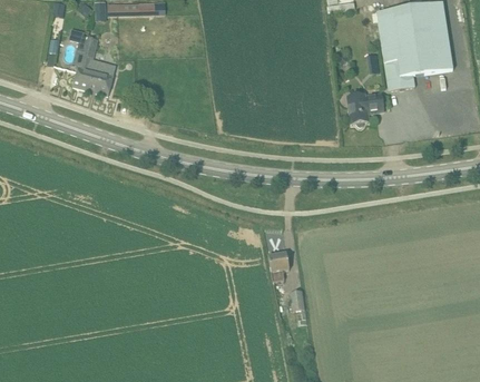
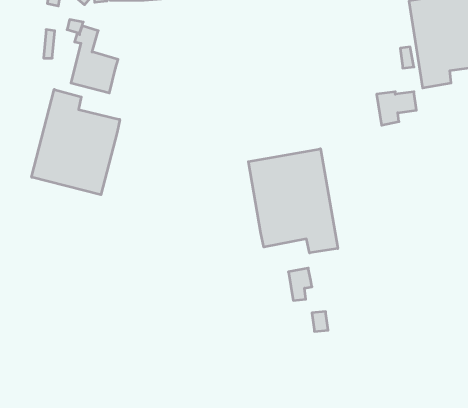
building: none -> [32,89,120,195]
building: none -> [248,149,338,253]

